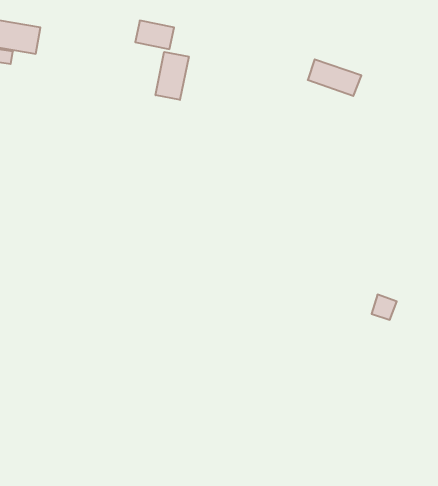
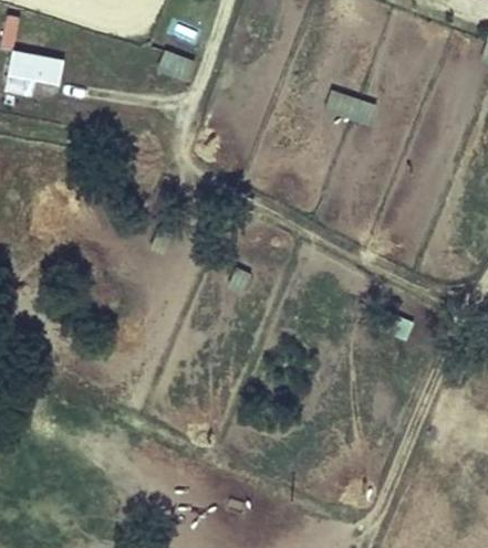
building: [156,52,189,100] -> none

